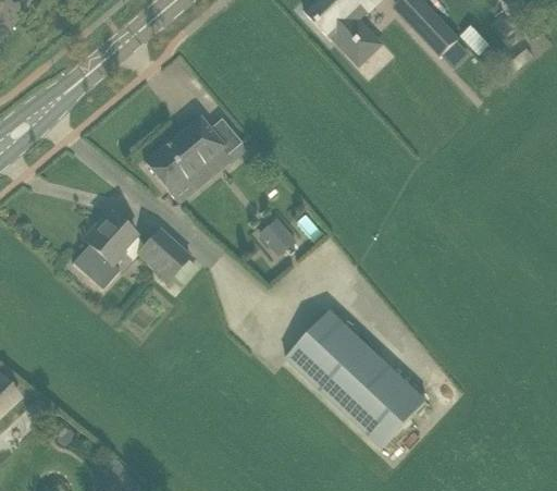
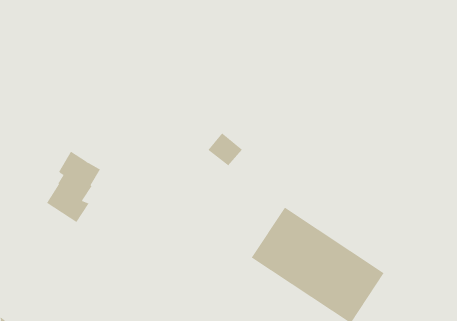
building: [145,114,231,202] -> none
building: [136,225,191,281] -> none

